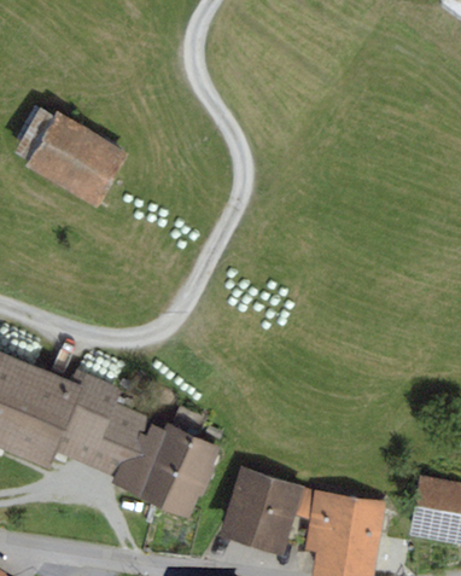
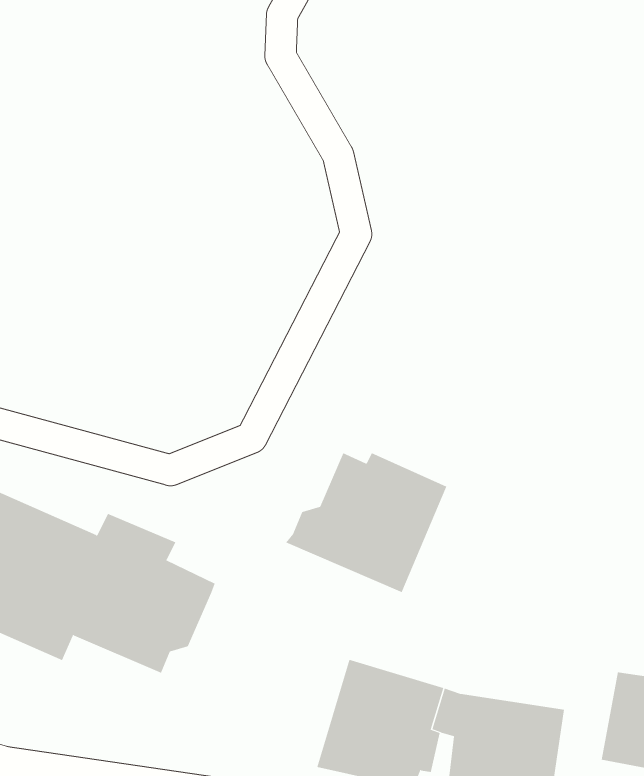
building: [13,107,129,208] -> none
building: [109,421,217,516] -> [285,452,447,593]

